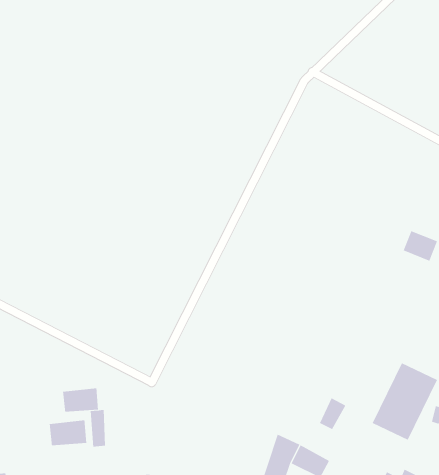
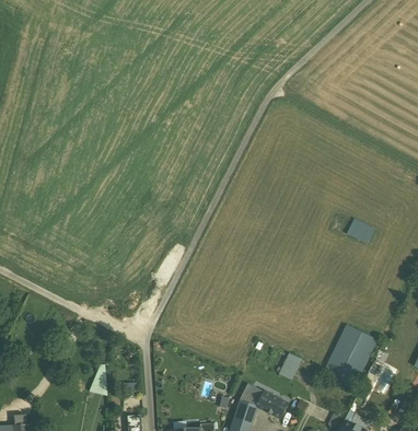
building: [63,387,99,413] -> none
building: [49,419,87,446] -> none

